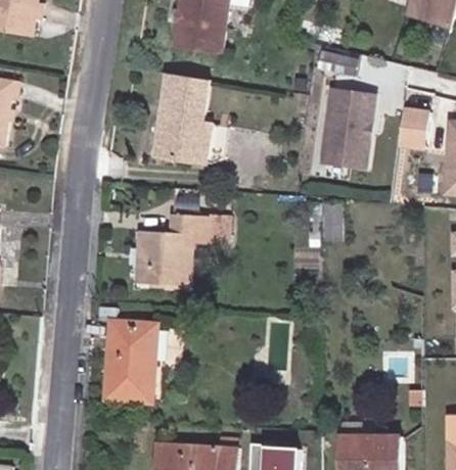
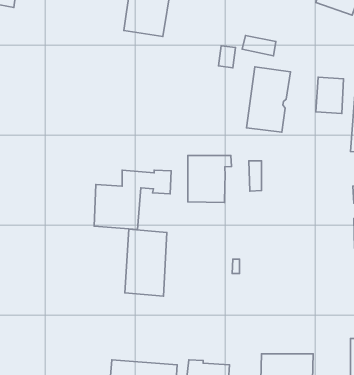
building: [151,74,210,162] -> none
building: none -> [188,155,231,202]
building: [104,322,155,403] -> [125,229,167,296]

